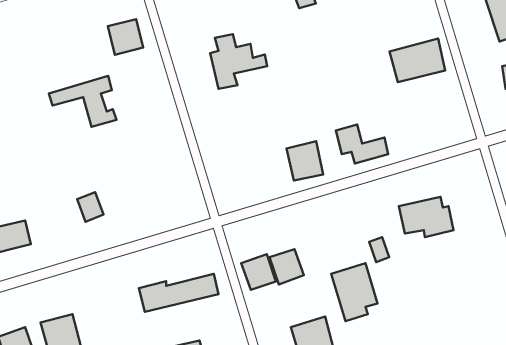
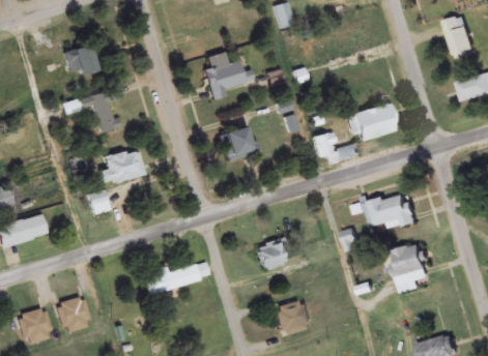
building: [108,19,143,55] -> [62,44,93,76]
building: [390,38,445,82] -> [346,102,395,141]
building: [287,141,323,180] -> [218,126,250,160]
building: none -> [96,149,142,184]
building: [241,254,276,290] -> none
building: [331,263,377,321] -> [387,242,428,293]

